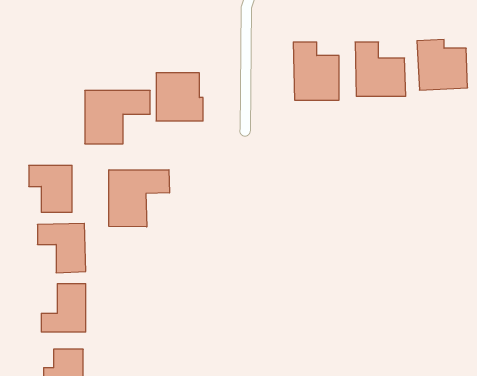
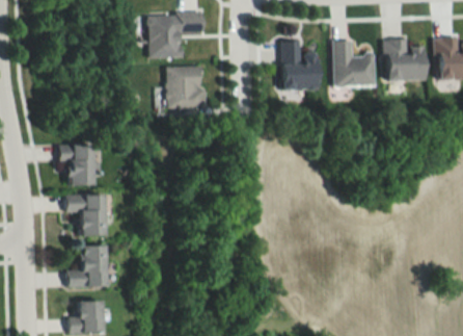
building: [85,91,150,144] -> [148,12,203,57]
building: [109,170,169,227] -> none

